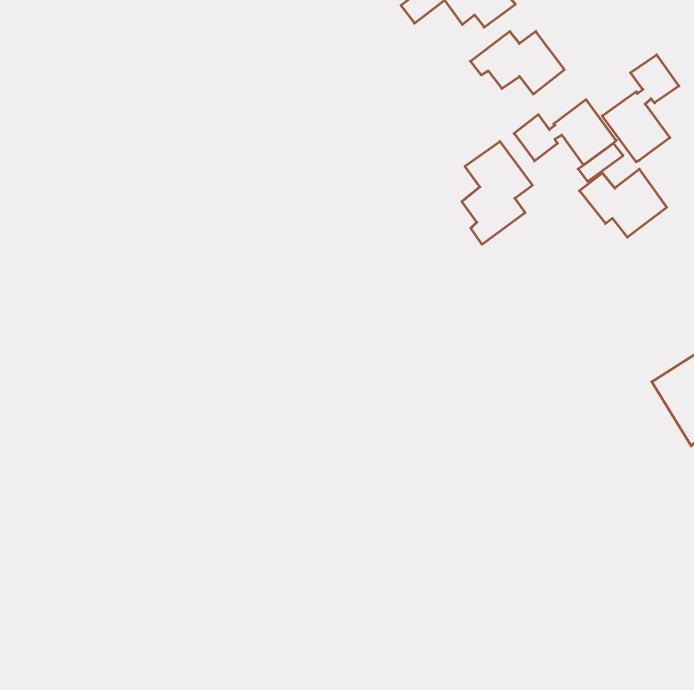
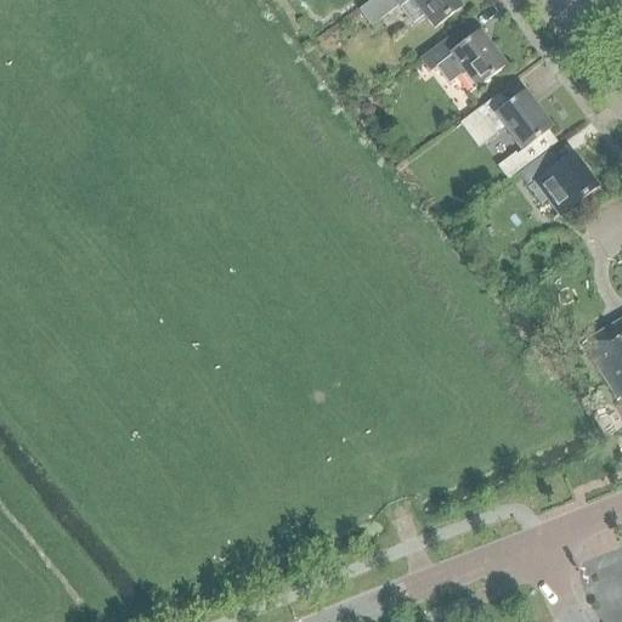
building: [602,55,679,162] -> none
building: [462,141,532,244] -> none

